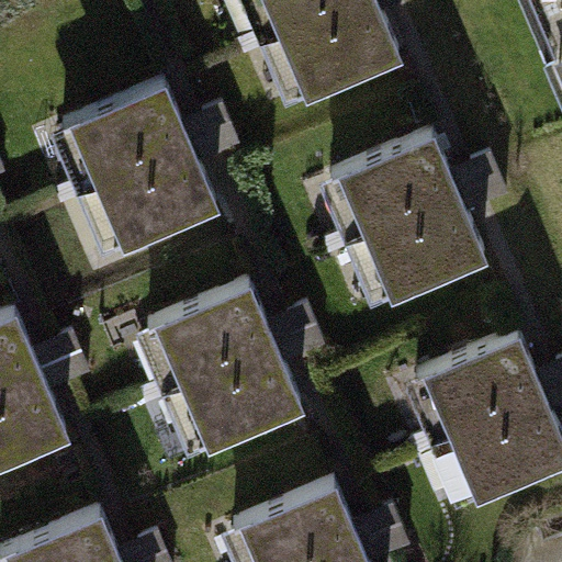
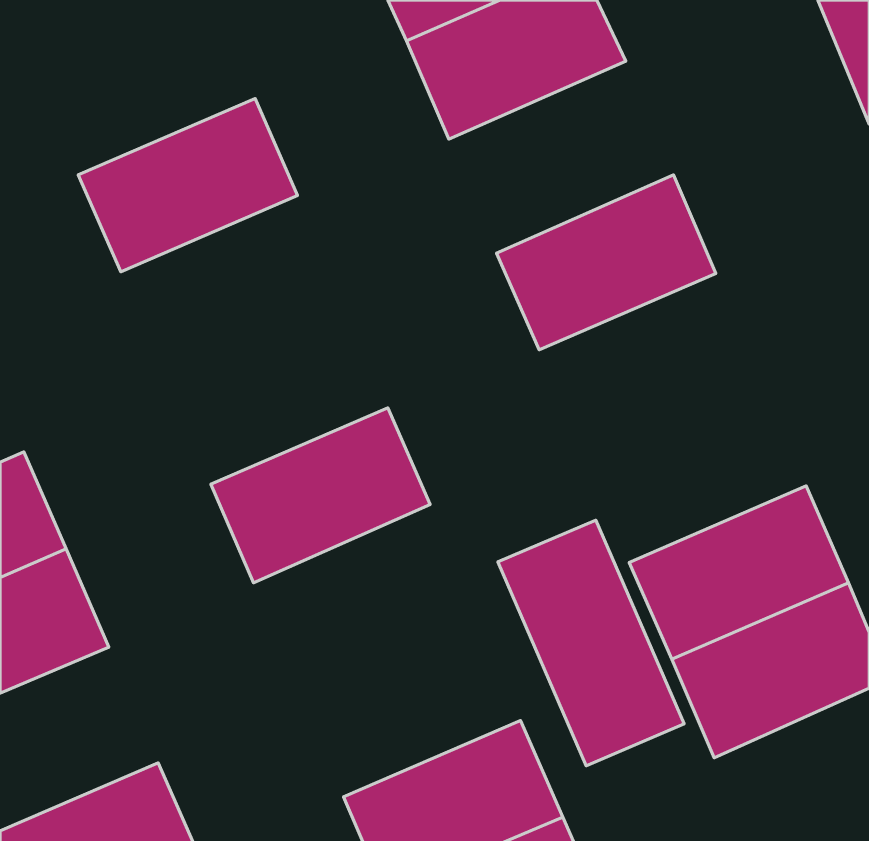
building: [78,144,220,256] -> none
building: [348,194,490,306] -> none
building: [164,344,305,457] -> none
building: none -> [498,520,684,766]

